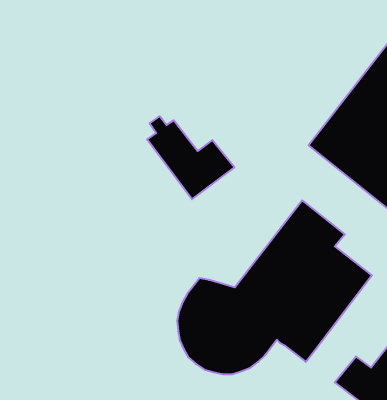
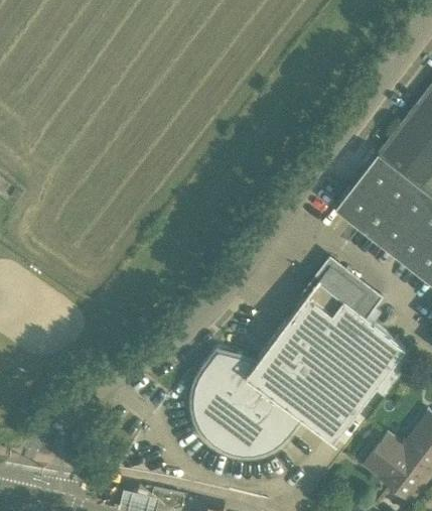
building: [147,116,234,199] -> none

